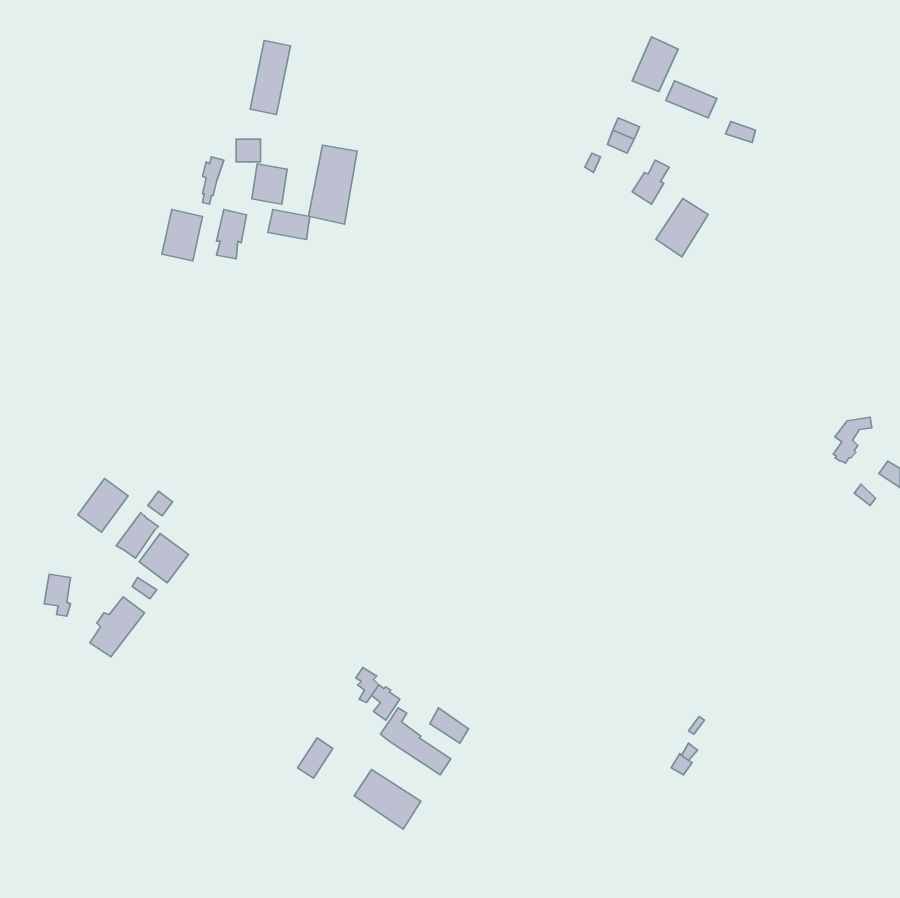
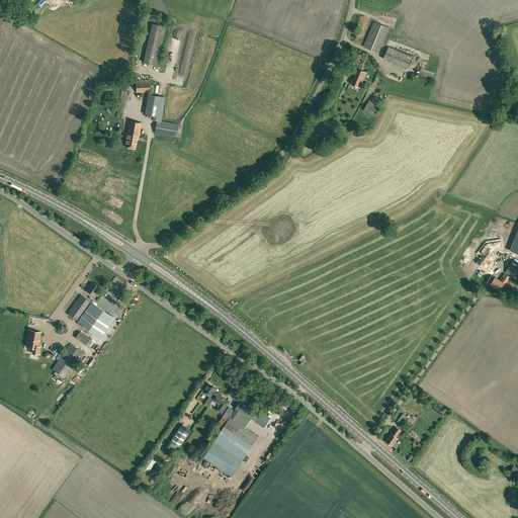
building: [309,145,357,224] -> none
building: [656,198,708,257] -> none
building: [162,210,203,261] -> none
building: [78,479,128,532] -> none
building: none -> [213,427,253,461]

